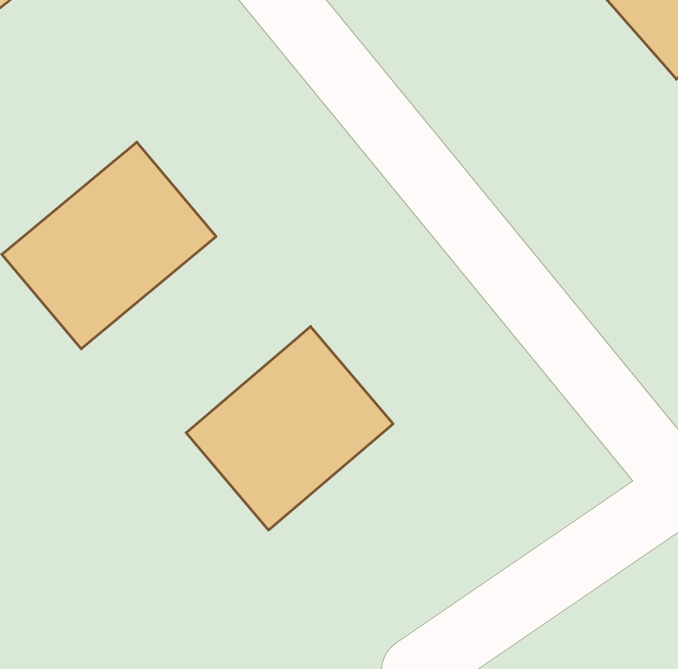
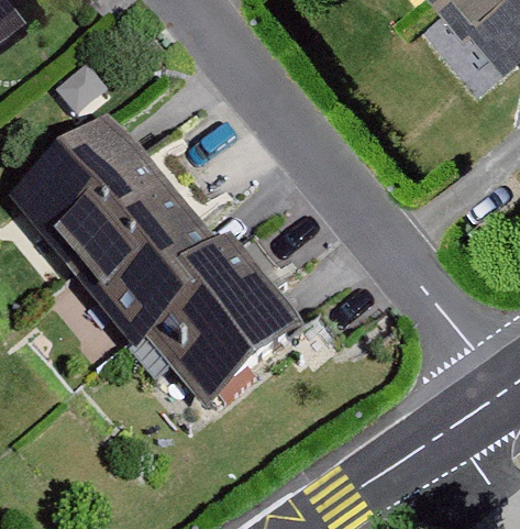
building: none -> [69,191,230,348]

